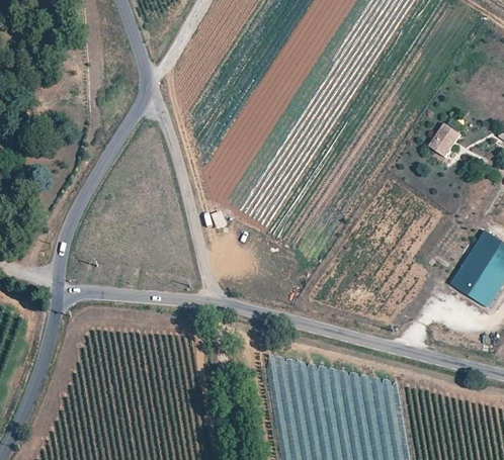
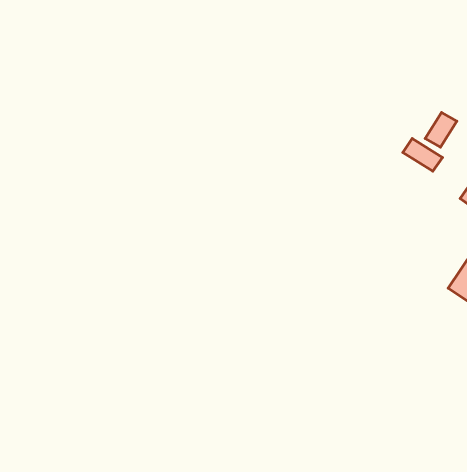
building: none -> [403,139,443,171]

